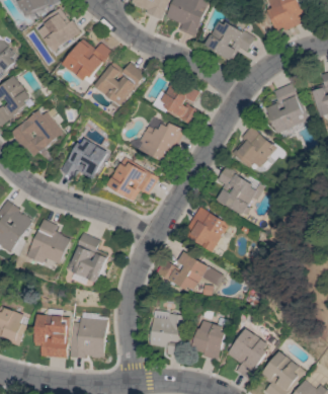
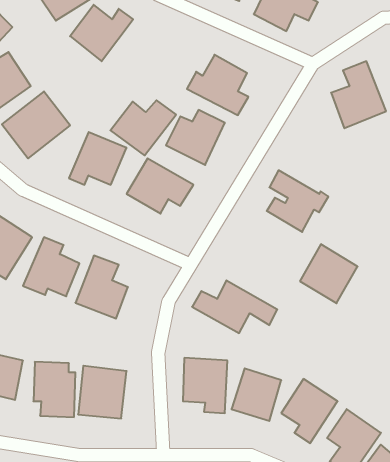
building: [94,63,145,105] -> [110,100,176,155]
building: [231,128,275,167] -> none
building: [183,207,228,252] -> [300,244,358,303]

